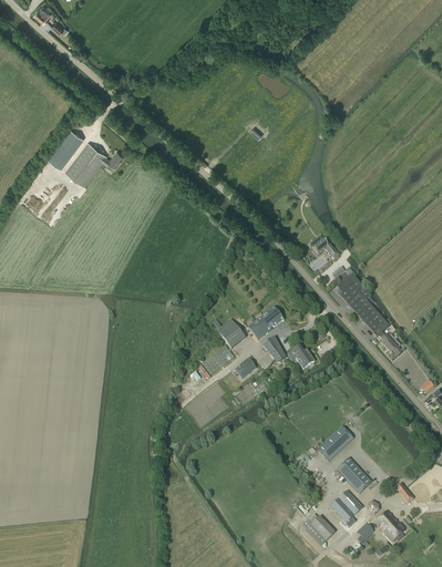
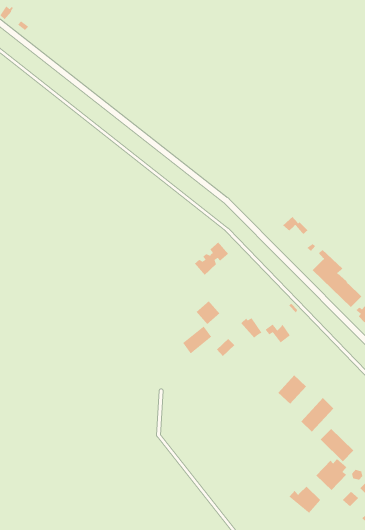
building: [48,130,83,169] -> none
building: [65,142,124,186] -> none
building: [247,307,284,341] -> [194,241,229,276]
building: none -> [277,375,307,405]

